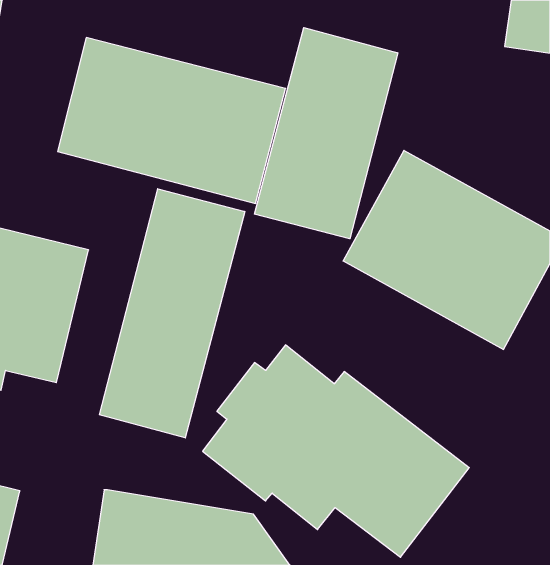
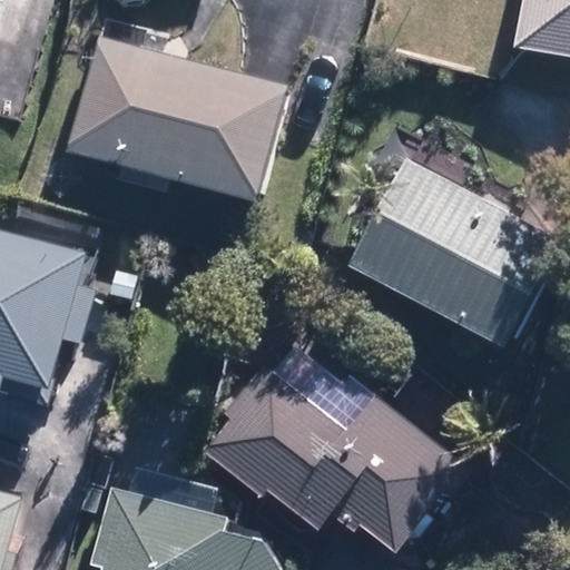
building: [255,28,398,239] -> none
building: [100,189,245,438] -> none

